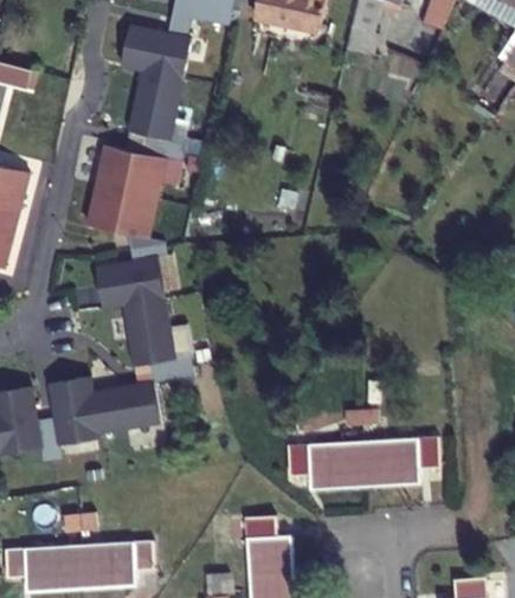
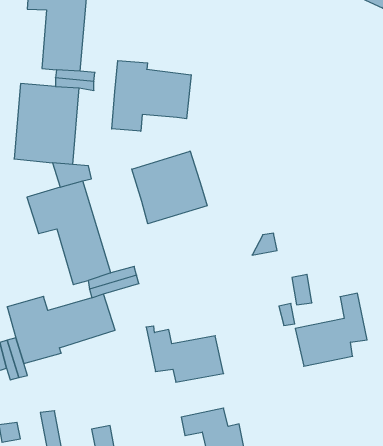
building: none -> [112,61,191,131]
building: none -> [132,151,207,224]
building: [289,425,365,488] -> [146,326,224,382]

